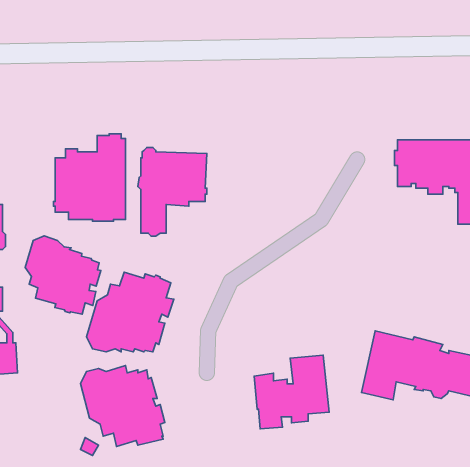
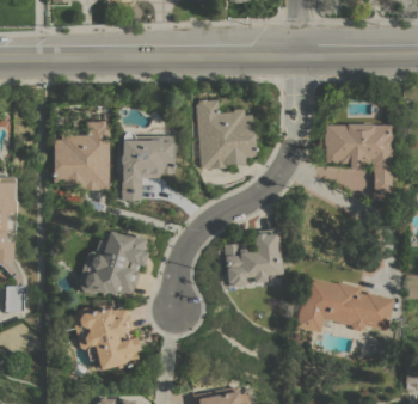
building: none -> [196,99,257,169]
building: [25,236,101,314] -> none
building: [254,355,329,429] -> [225,228,284,287]

